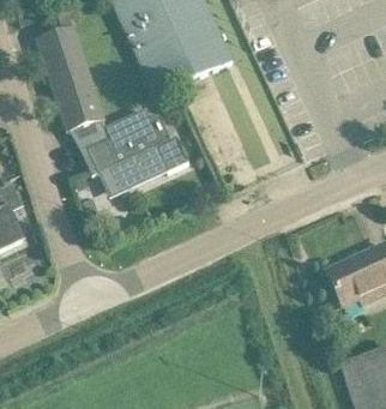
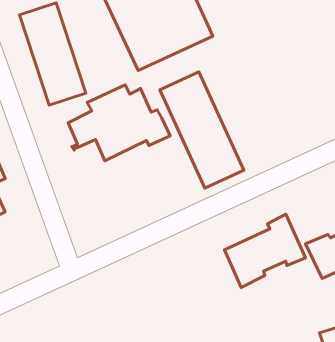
building: none -> [160,72,244,188]
building: none -> [225,214,306,287]

